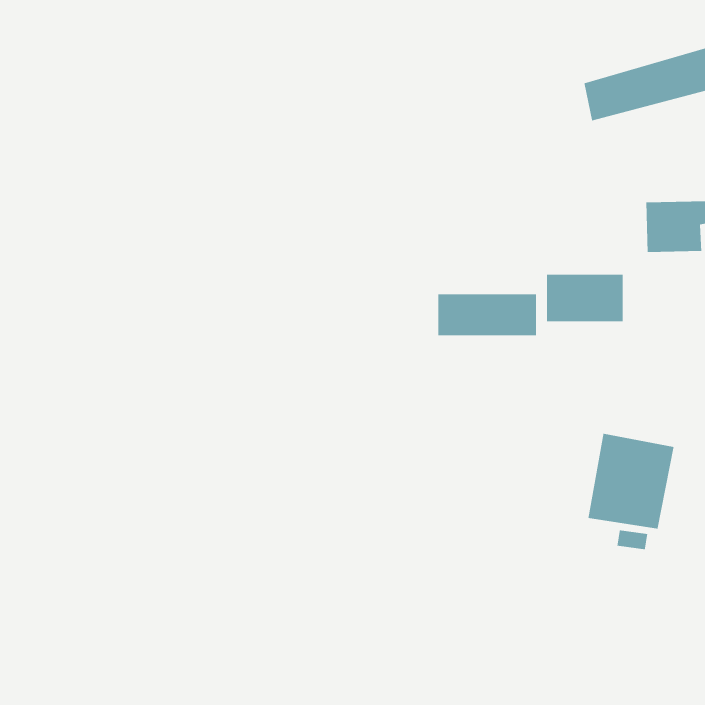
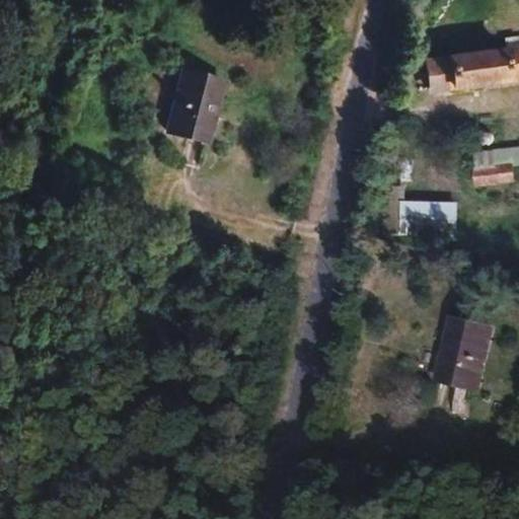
building: none -> [167,67,225,149]
building: [438,293,537,336] -> none

